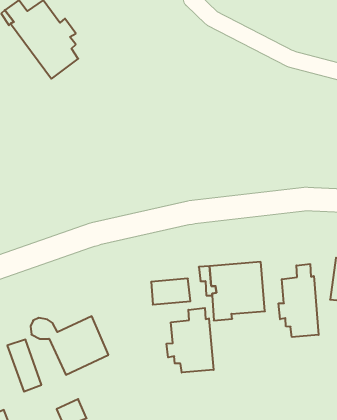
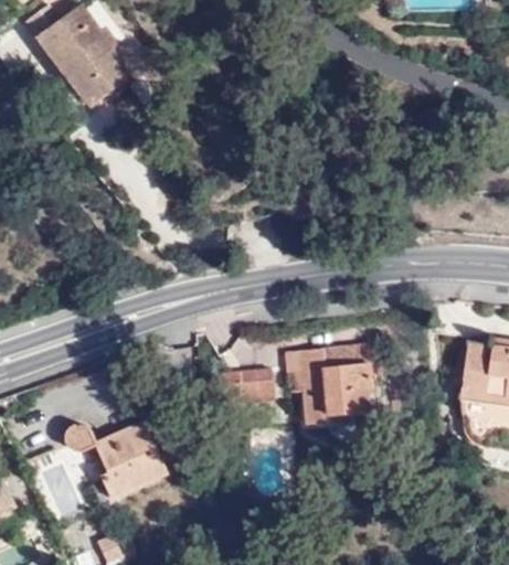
building: [279,264,319,337] -> none
building: [167,308,214,373] -> none

